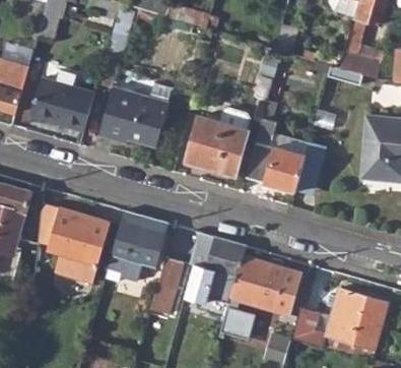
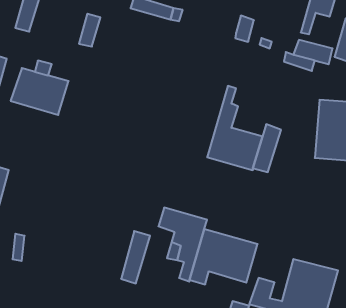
building: [99,88,168,145] -> none
building: [187,116,249,174] -> none
building: [39,202,111,282] -> none
building: [115,210,169,281] -> none

